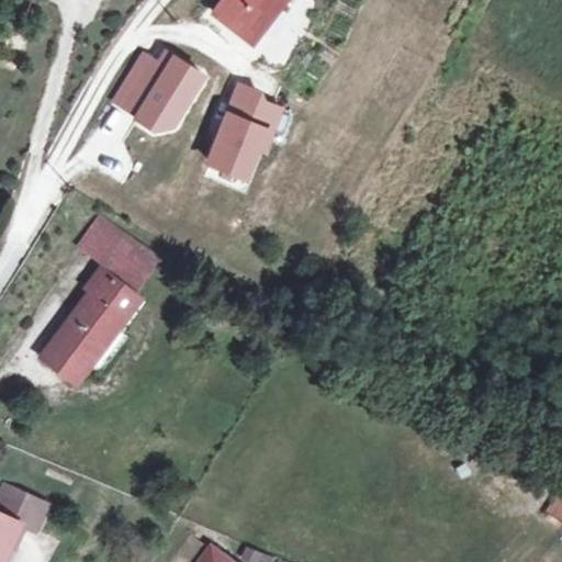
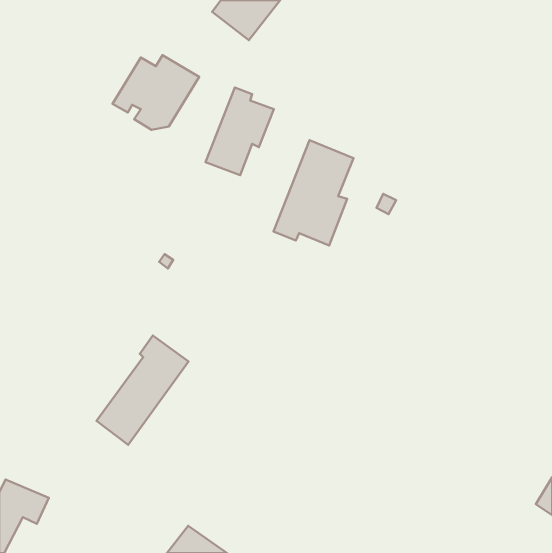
building: none -> [274,140,354,246]
building: [82,220,160,278] -> none
building: [46,270,139,381] -> [97,335,189,445]

